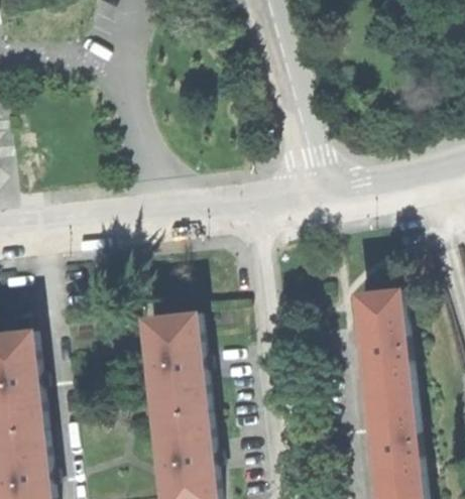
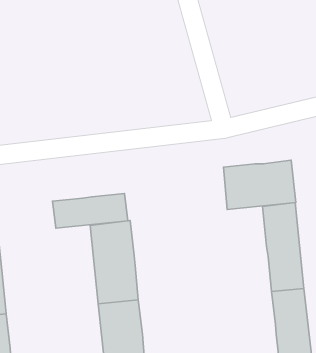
building: none -> [223,160,296,210]
building: none -> [52,194,128,228]

